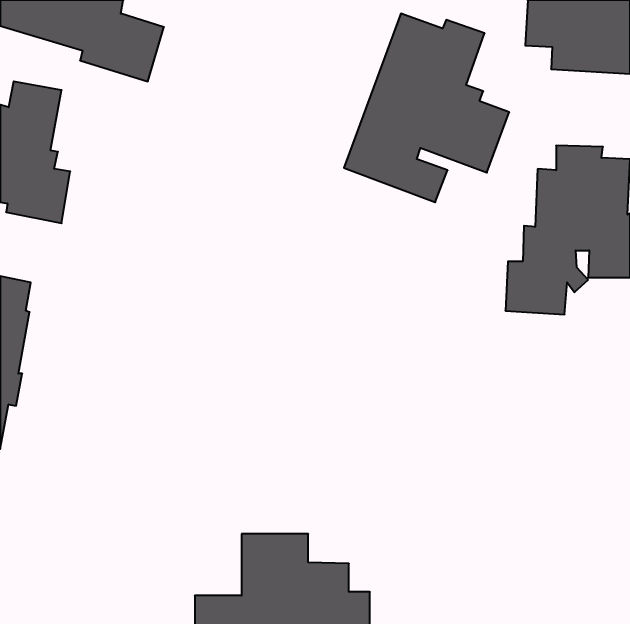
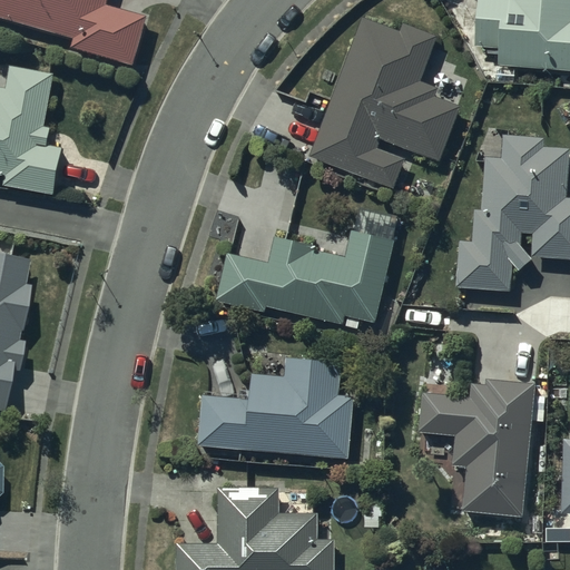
building: none -> [216,207,396,322]
building: none -> [198,357,352,456]
building: none -> [419,379,534,514]

